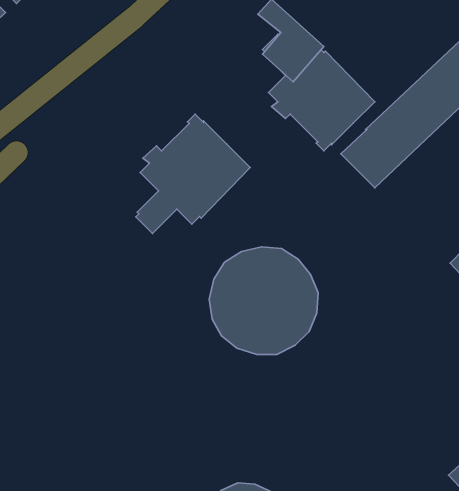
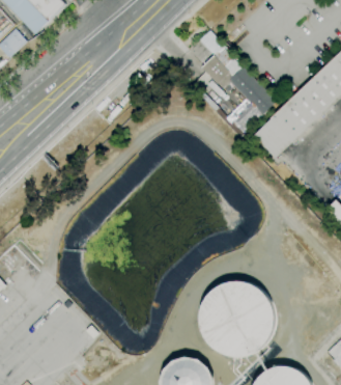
building: [136,114,250,233] -> none
building: [209,247,318,354] -> [200,282,274,355]

